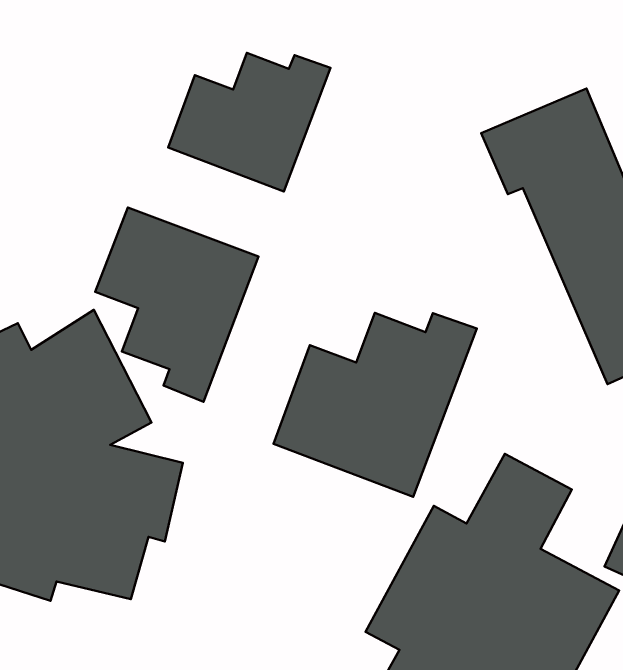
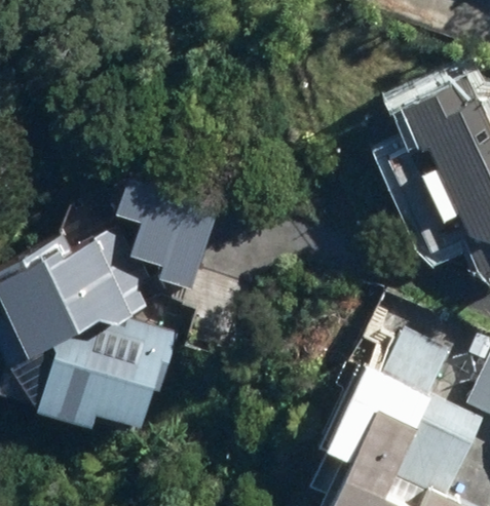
building: [168,53,331,192] -> none
building: [274,313,477,497] -> none

